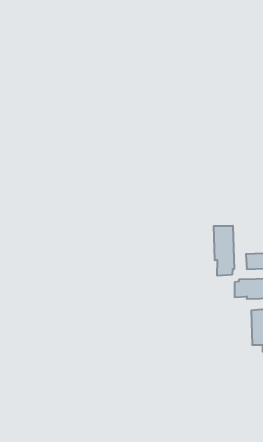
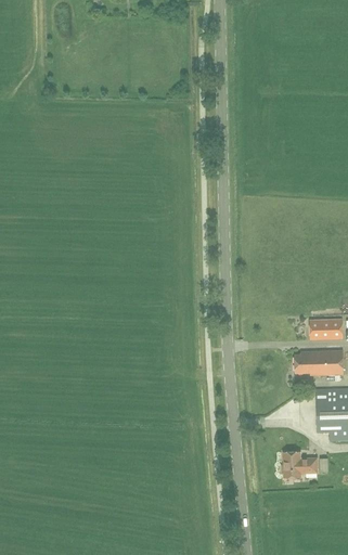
building: [214,226,234,276] -> none
building: none -> [283,451,317,477]

